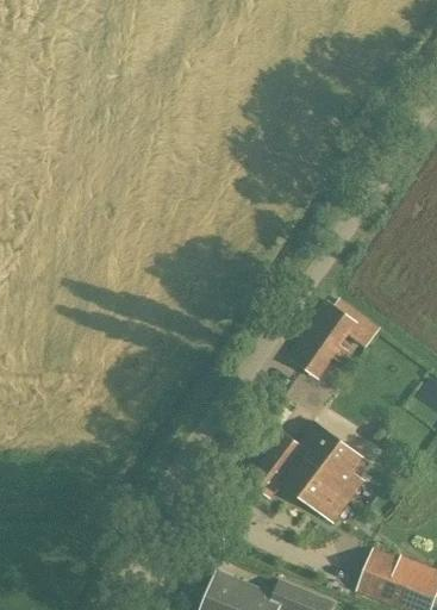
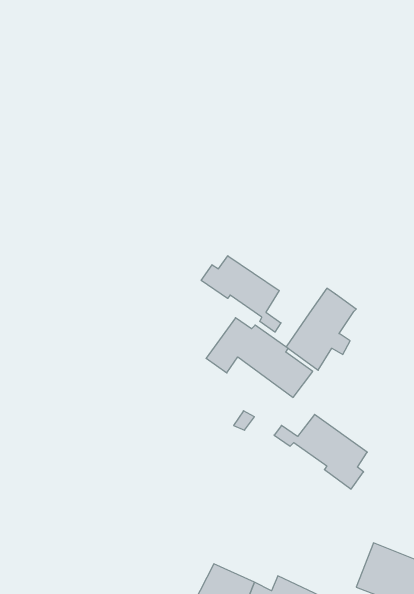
building: none -> [201,256,281,332]
building: [251,444,355,522] -> [206,318,313,397]

